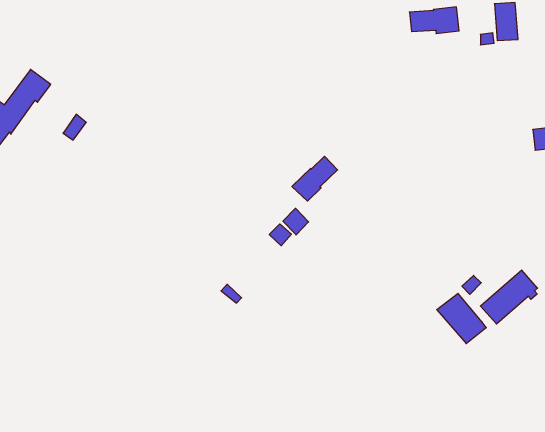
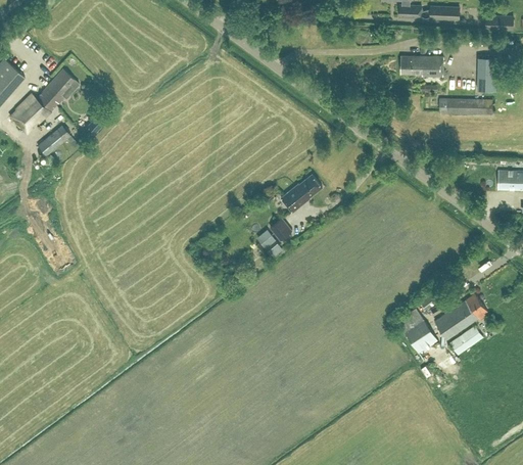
building: none -> [439,97,493,114]
building: none -> [37,125,74,156]
building: none -> [449,324,483,355]

